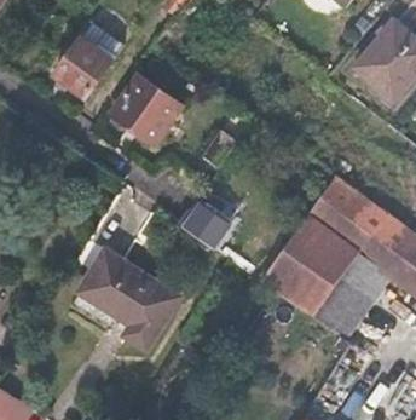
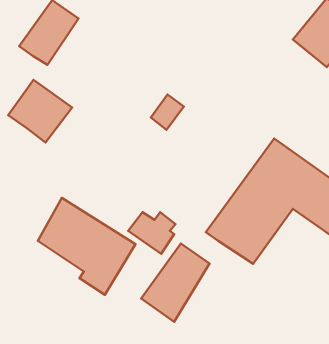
building: [111,76,181,145] -> [8,80,72,143]
building: [177,202,229,248] -> [128,212,175,254]
building: [313,255,388,341] -> [141,244,209,322]

